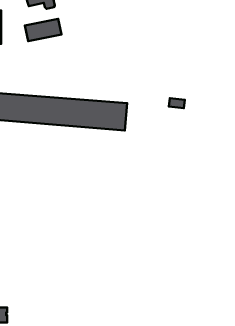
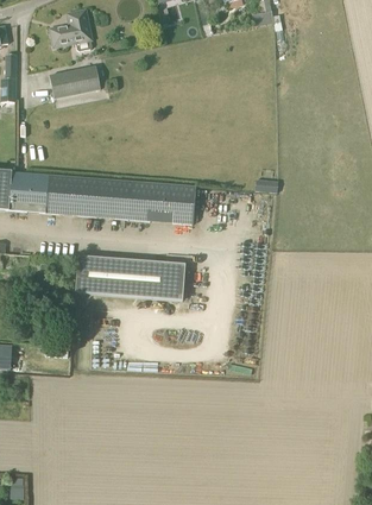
building: none -> [75,255,185,299]

